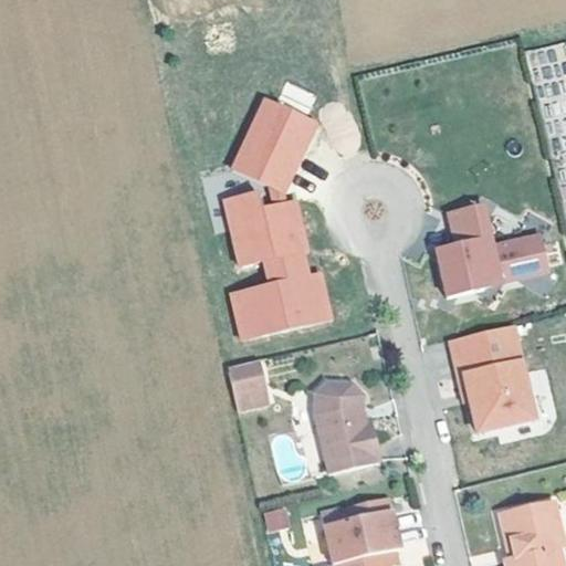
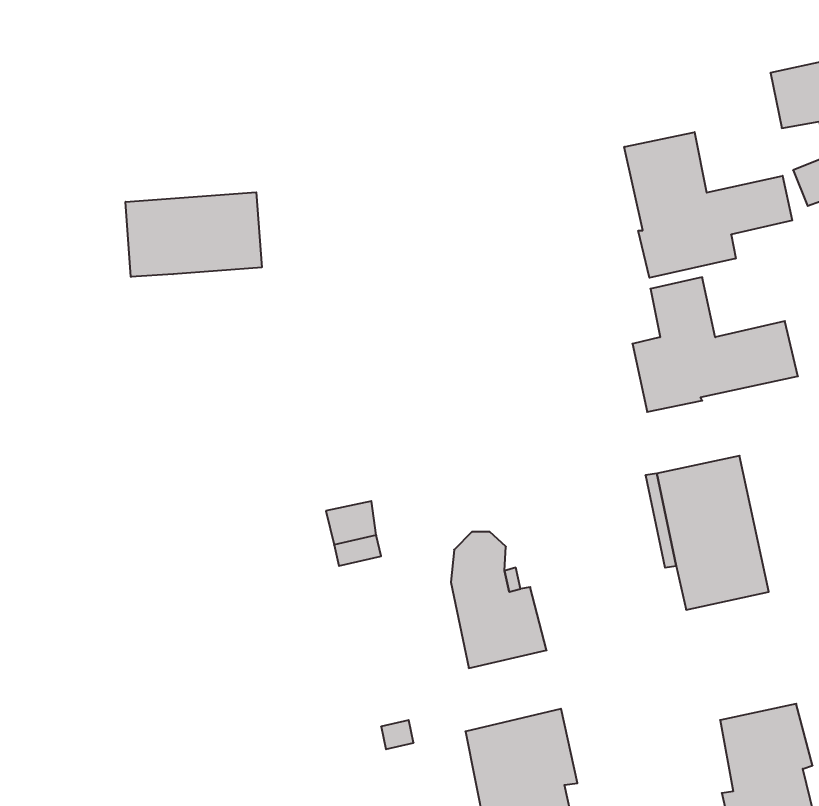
building: [227,98,331,338] -> none
building: none -> [624,132,792,278]
building: none -> [126,192,262,277]

